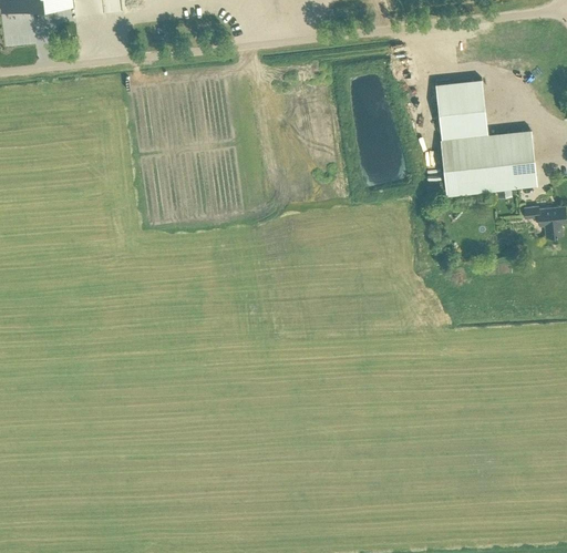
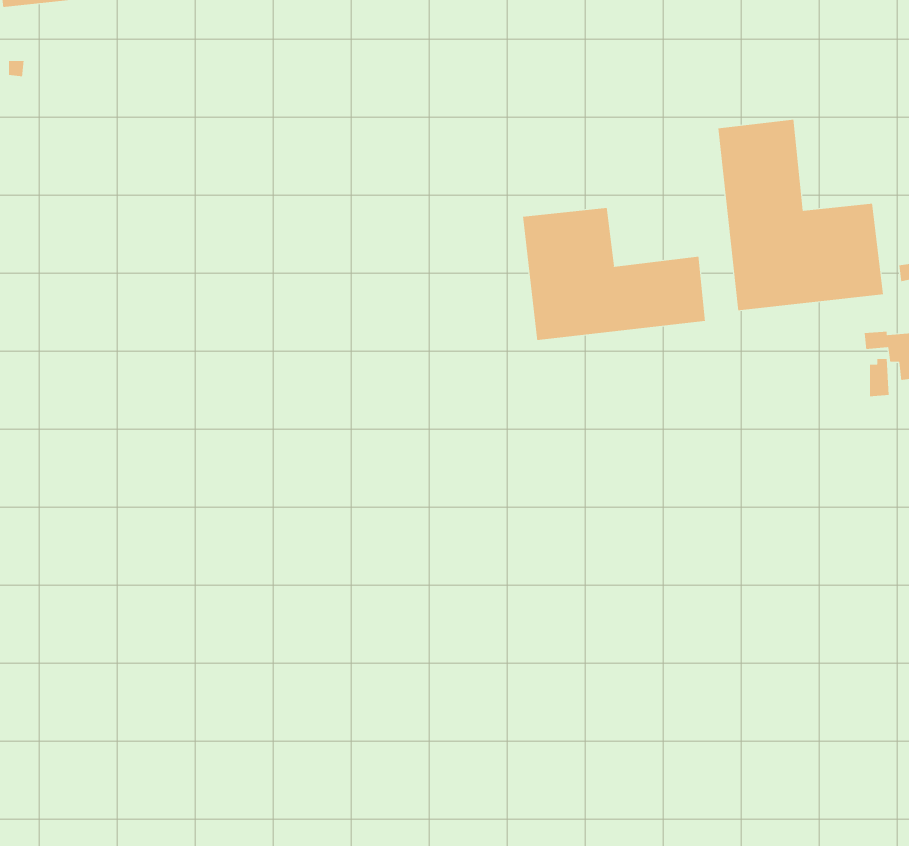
building: none -> [523,207,706,341]

